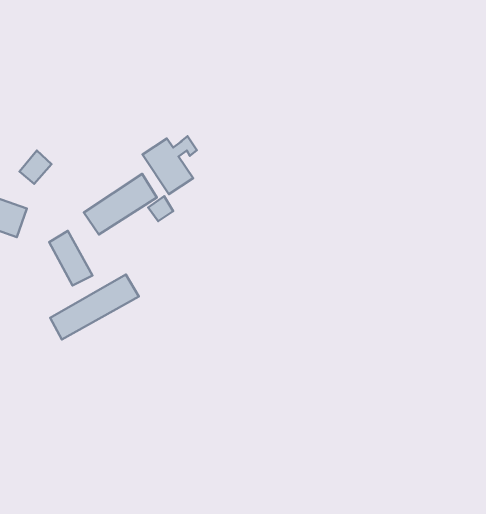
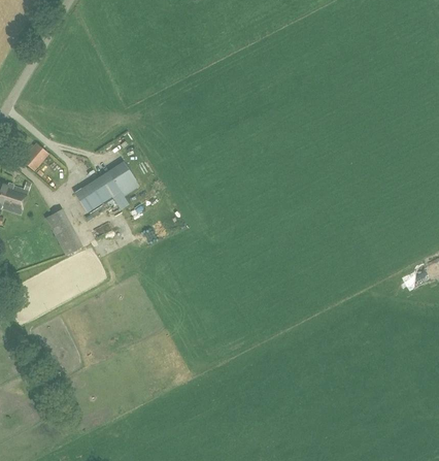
building: [143,136,197,194] -> none
building: [50,275,139,339] -> none

